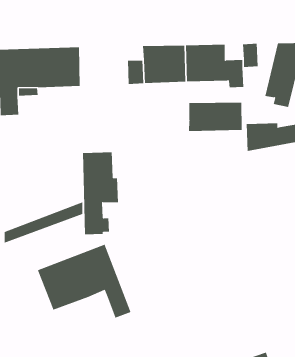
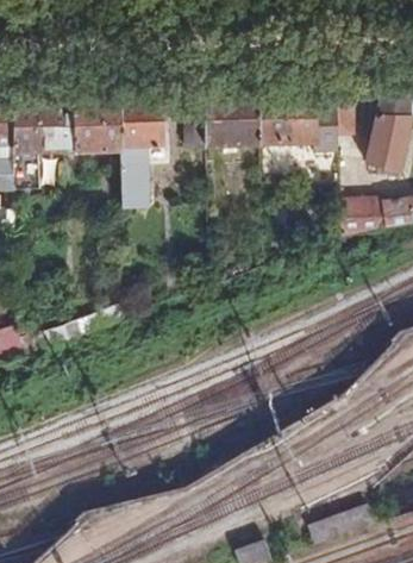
building: [189,102,242,132] -> none
building: [82,152,119,235] -> [119,98,168,208]
building: [37,244,131,318] -> none

